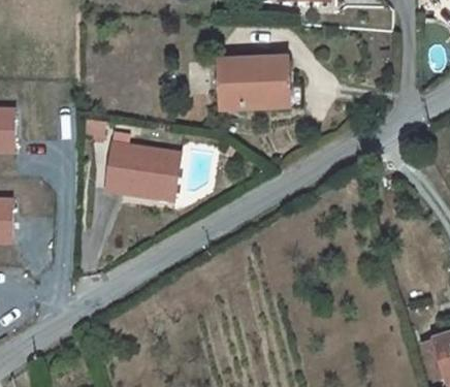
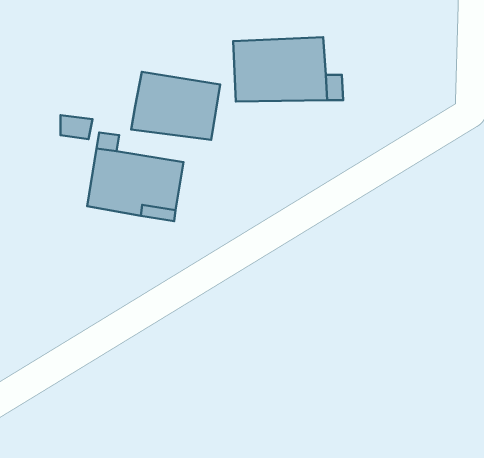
building: none -> [131,72,220,140]

